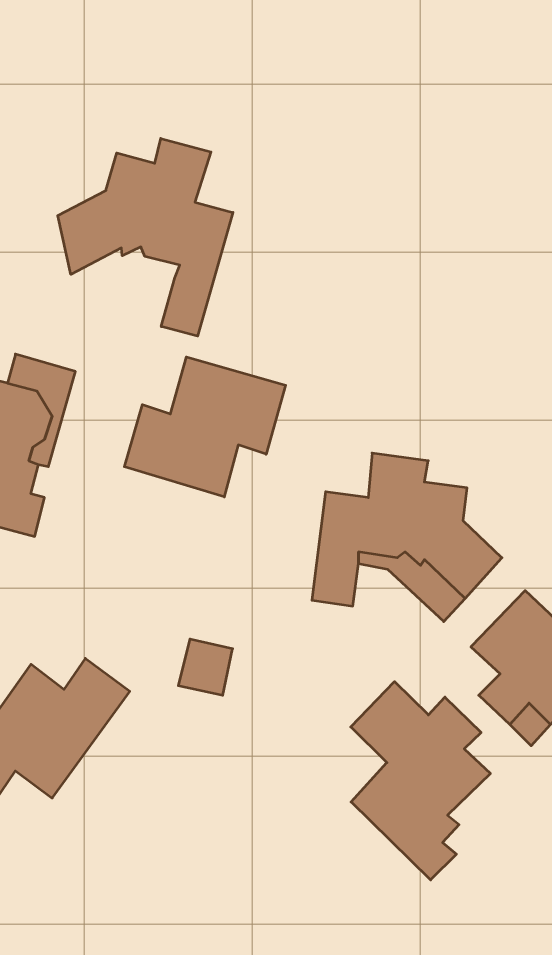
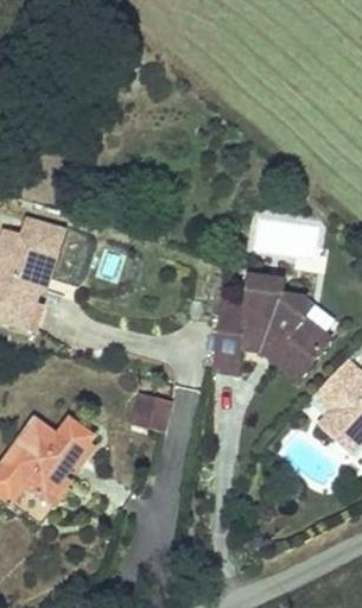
building: [58,138,233,336] -> none
building: [124,357,286,497] -> none
building: [351,682,490,880] -> none

